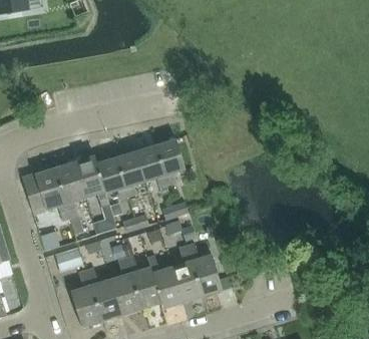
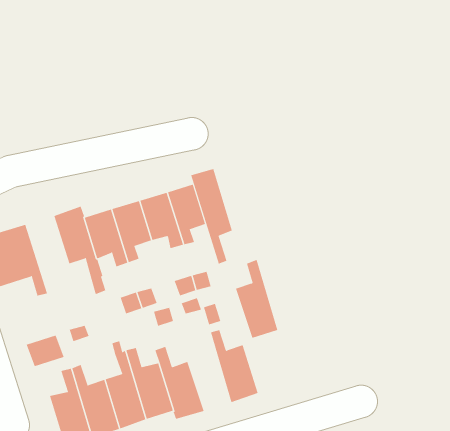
building: none -> [191,168,232,264]
building: [54,161,85,234] -> none
building: [171,246,203,303] -> [235,259,278,338]

